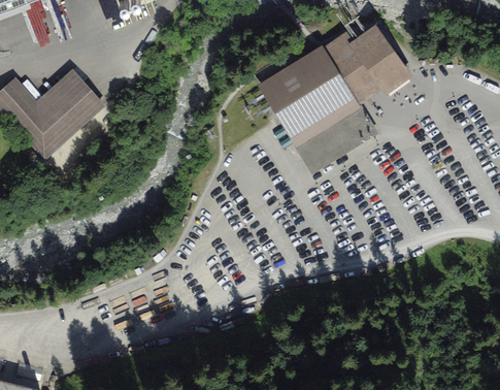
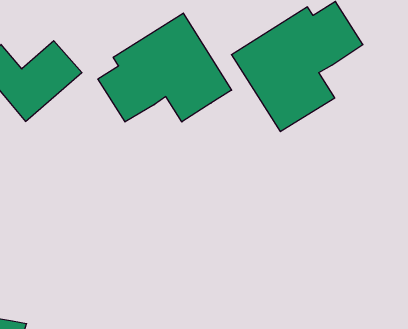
building: none -> [98,13,232,122]

